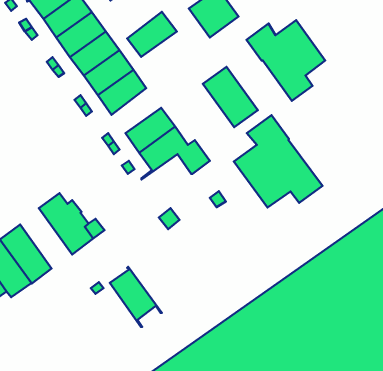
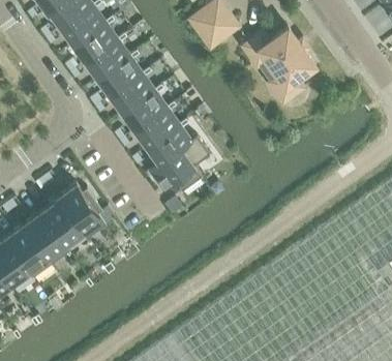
building: [127,12,177,57] -> [121,89,165,129]
building: [203,67,258,127] -> none
building: [234,115,322,207] -> none
building: none -> [148,148,201,191]
building: [110,267,162,327] -> [39,197,86,250]

